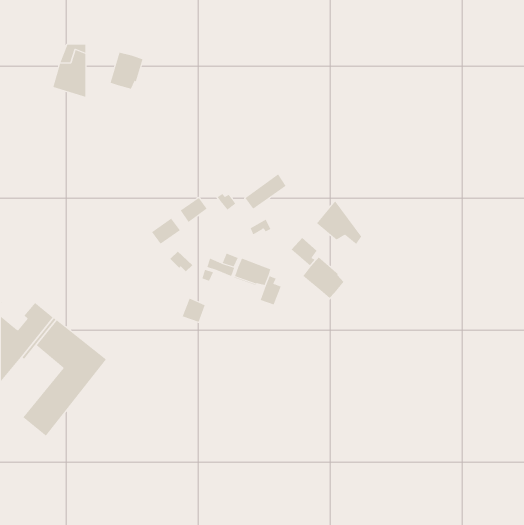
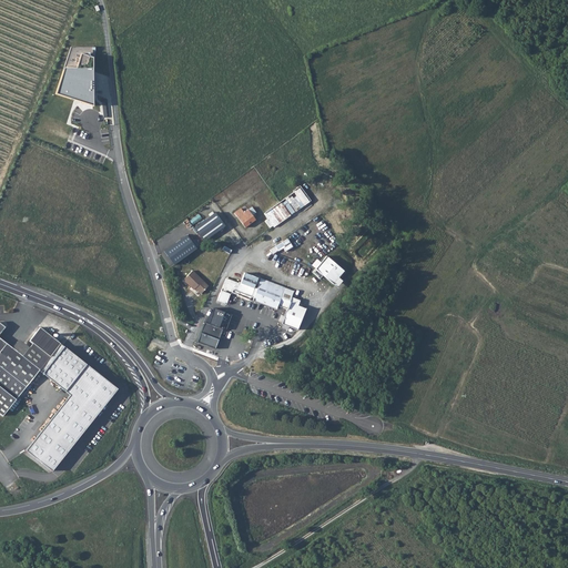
building: [110,52,143,89] -> none
building: [316,201,362,245] -> none
building: [303,257,344,299] -> none

